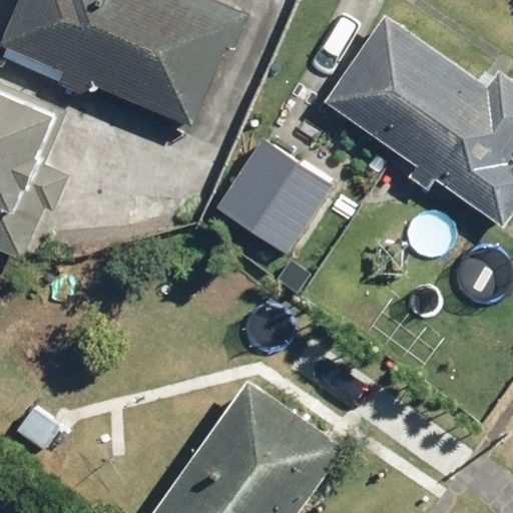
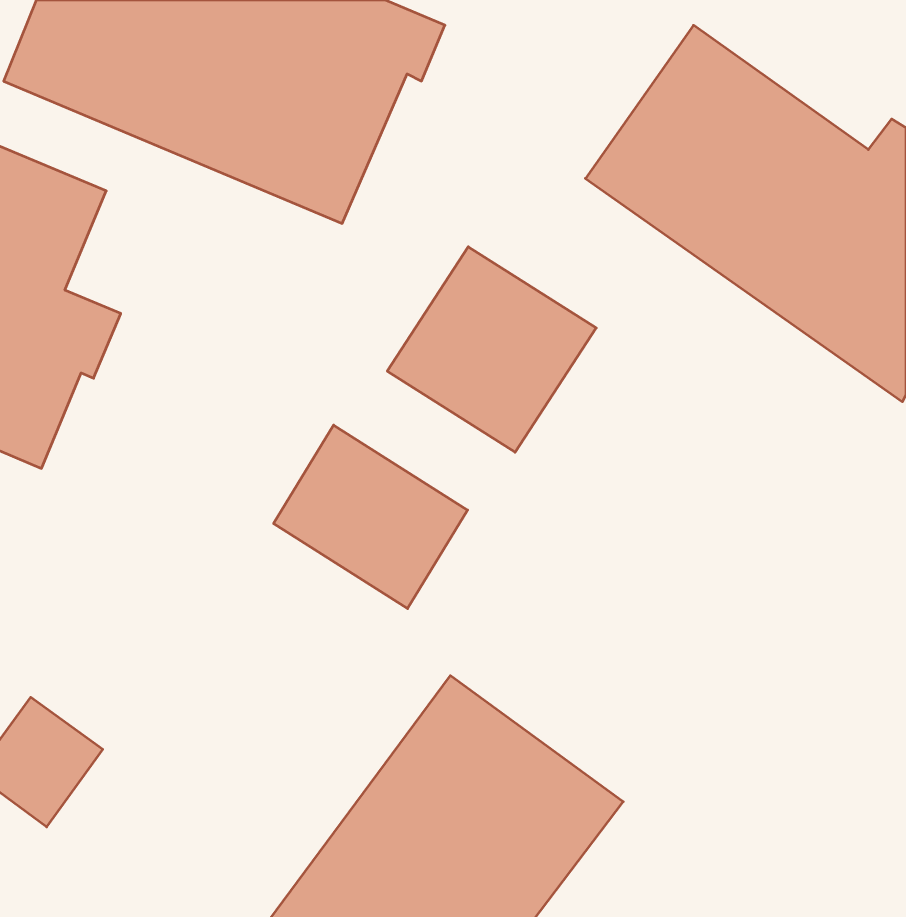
building: none -> [274,425,468,609]

